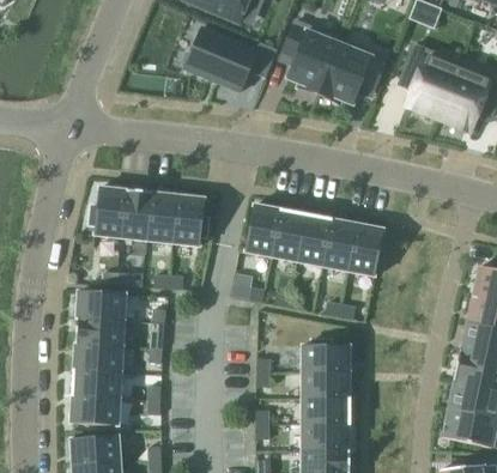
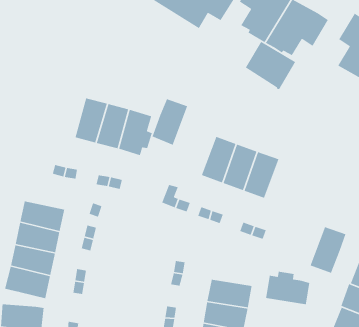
building: none -> [245,41,296,90]
building: [89,186,126,237] -> none
building: [244,204,280,256] -> [151,98,188,146]
building: [347,223,383,275] -> [309,226,346,274]
building: [75,290,126,320] -> none
building: [302,338,350,371] -> [265,271,310,305]

